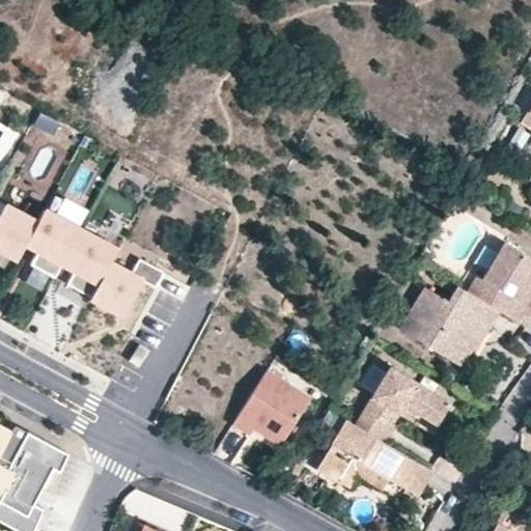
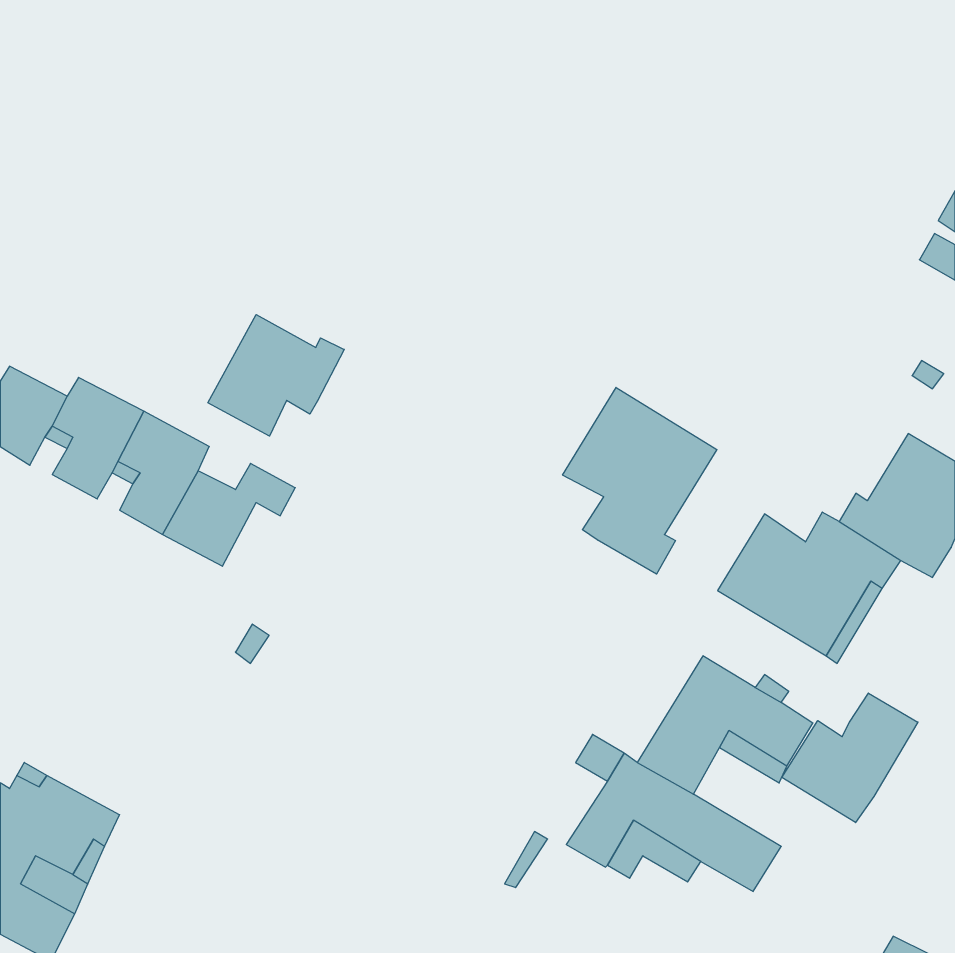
building: none -> [208,315,344,436]
building: none -> [563,387,717,574]
building: [233,371,311,447] -> none
building: none -> [782,693,918,823]

